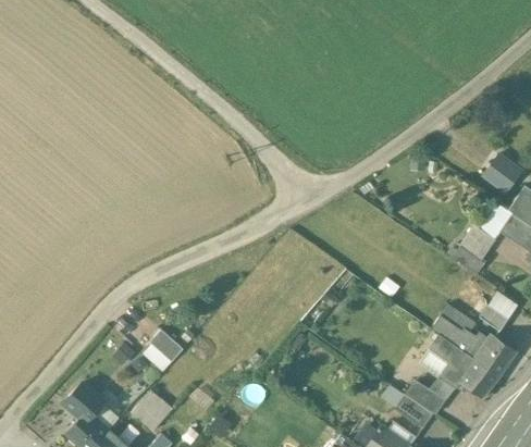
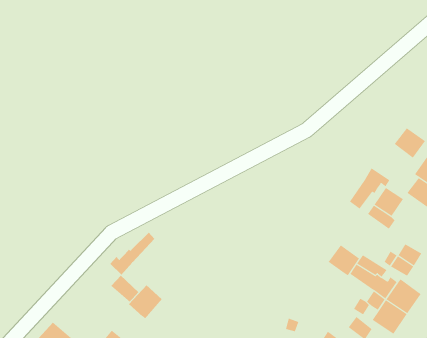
building: none -> [349,167,390,209]
building: none -> [110,232,155,276]
building: none -> [328,245,360,276]
building: none -> [128,285,162,319]

